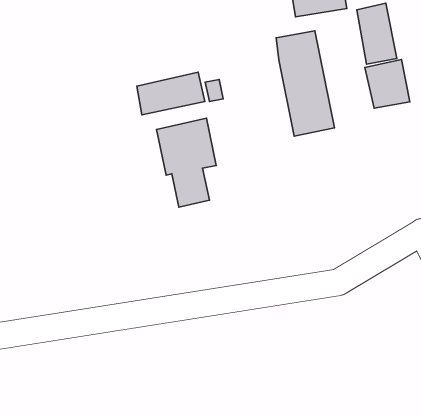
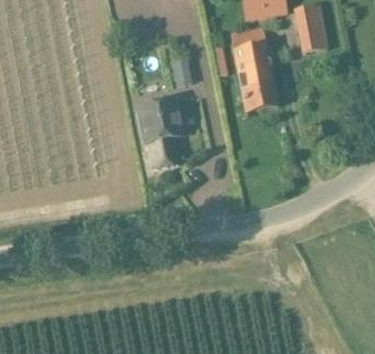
building: [365,60,410,108] -> none
building: [137,72,205,115] -> none

